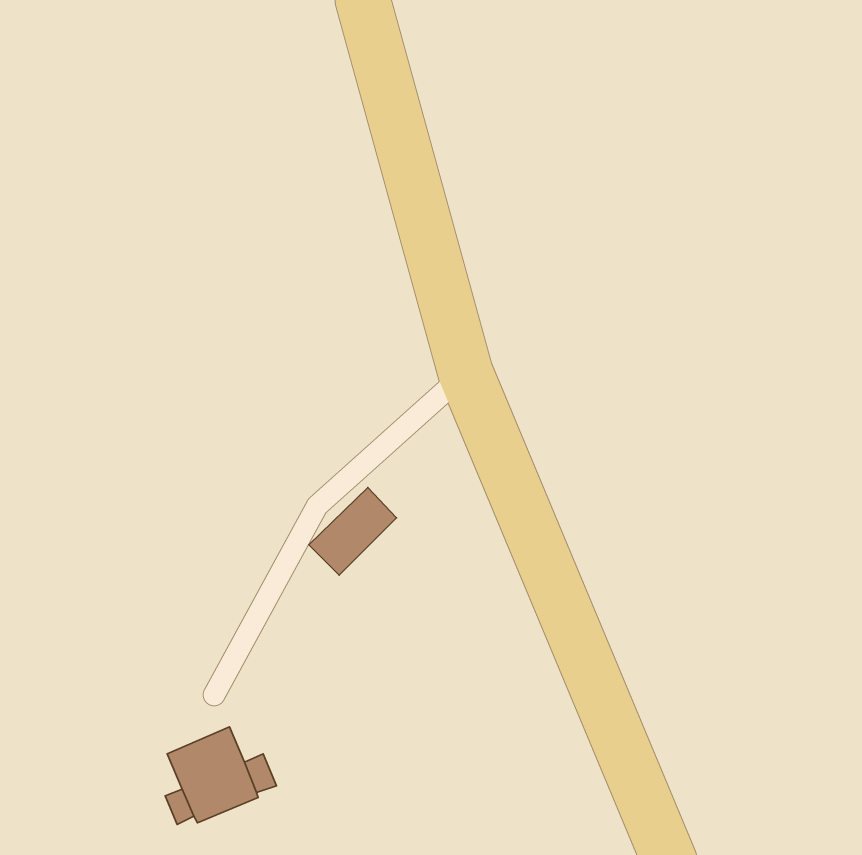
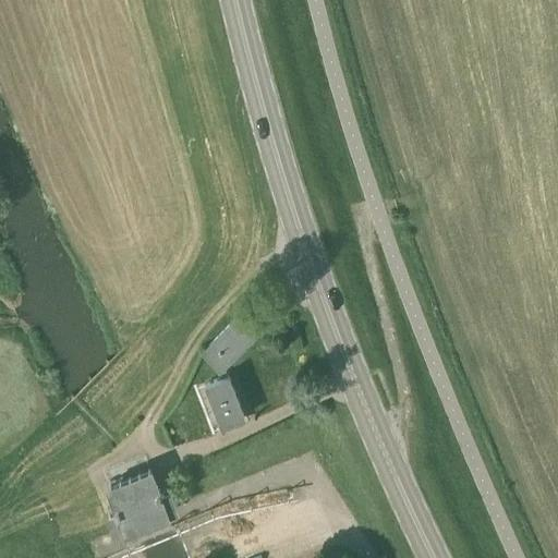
building: none -> [206,380,243,429]

